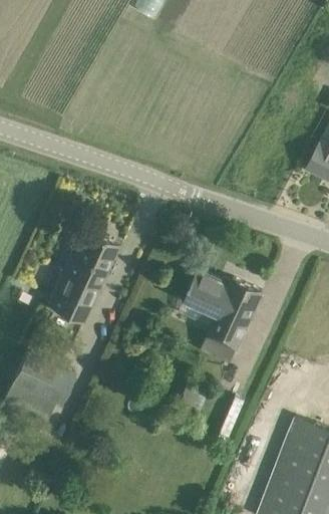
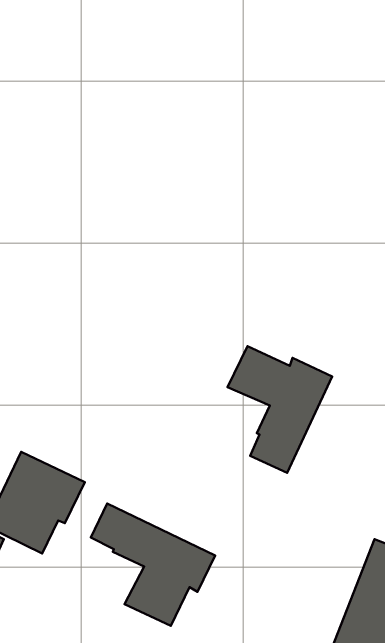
building: [47,233,119,325] -> none
building: none -> [91,504,215,626]

